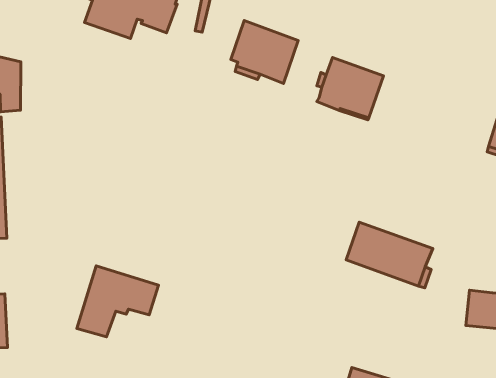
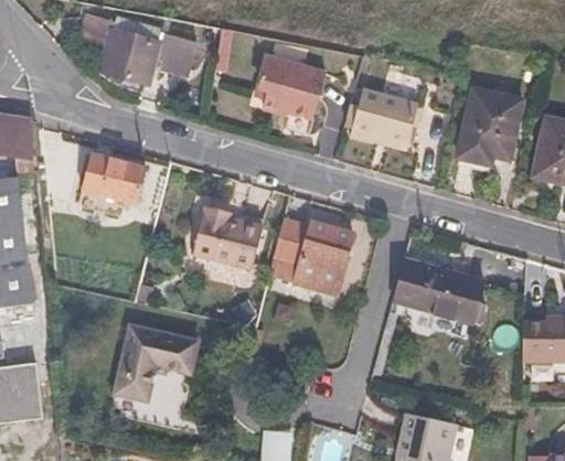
building: none -> [457,88,521,162]
building: none -> [81,154,145,203]
building: none -> [192,205,262,269]
building: none -> [269,219,352,294]

